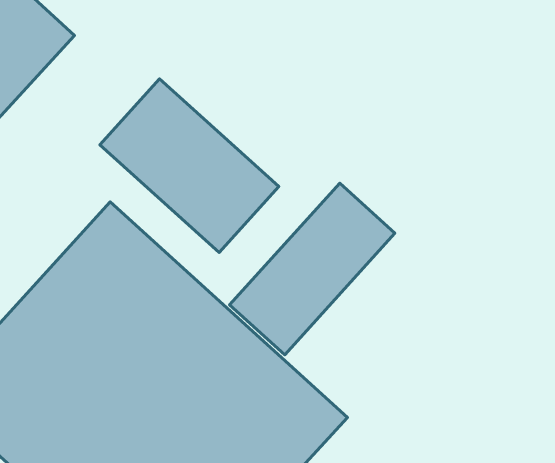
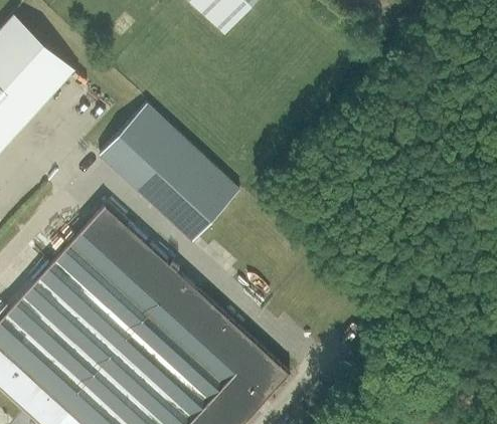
building: [230,183,395,355] -> none

